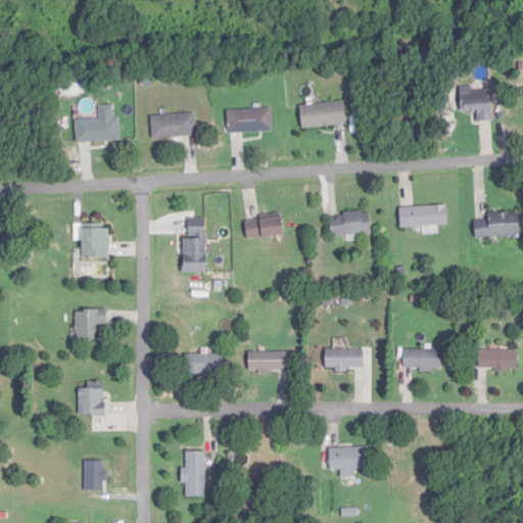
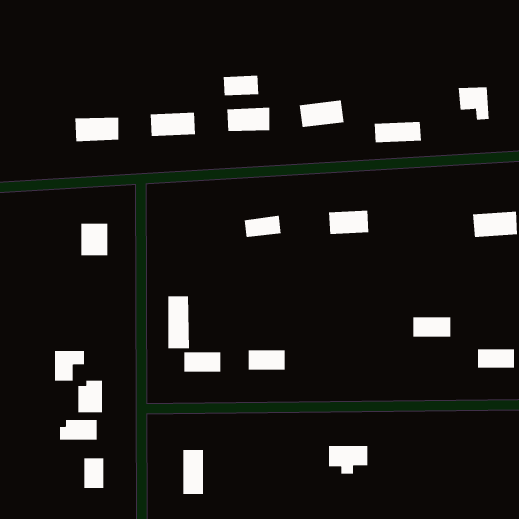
building: none -> [223,75,259,96]
building: [399,205,447,227] -> [374,122,422,143]
building: [183,218,205,271] -> [167,296,190,349]
building: [76,308,106,339] -> [54,351,85,381]
building: [325,347,364,368] -> none
building: [402,347,441,368] -> [413,317,451,337]
building: none -> [60,419,97,440]

